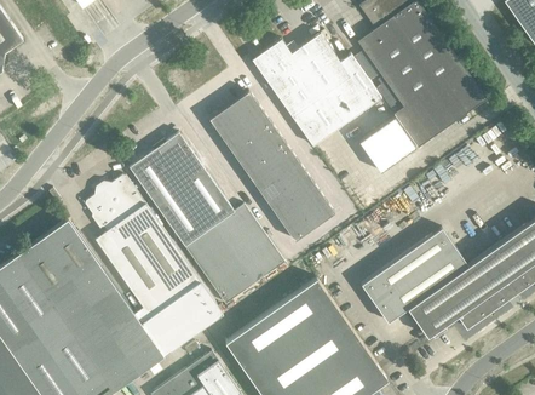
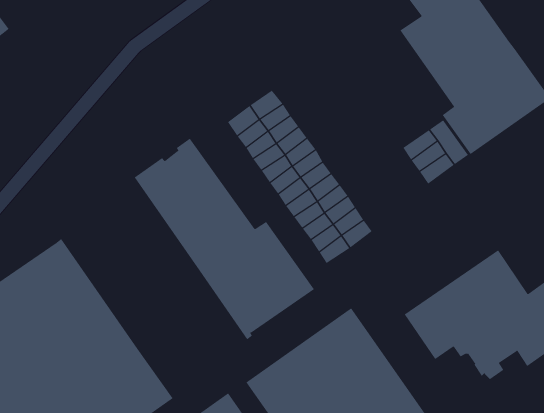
building: [252,33,381,147] -> none
building: [86,176,223,356] -> none

